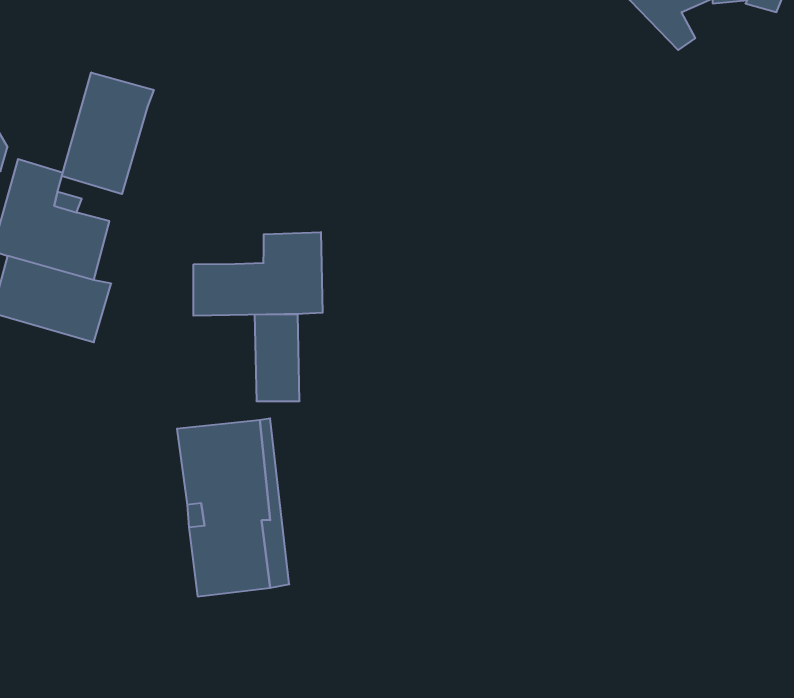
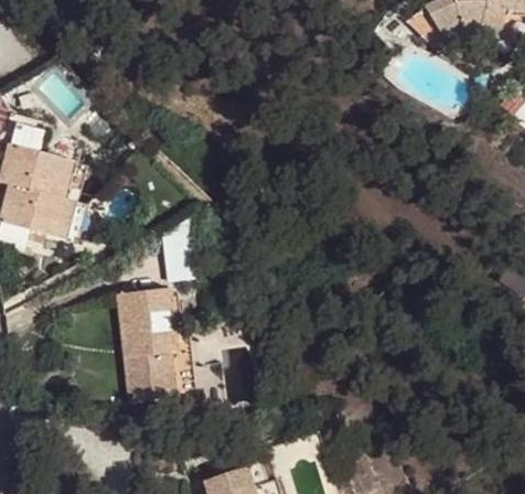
building: [62,72,154,194] -> none
building: [193,232,323,316] -> none

